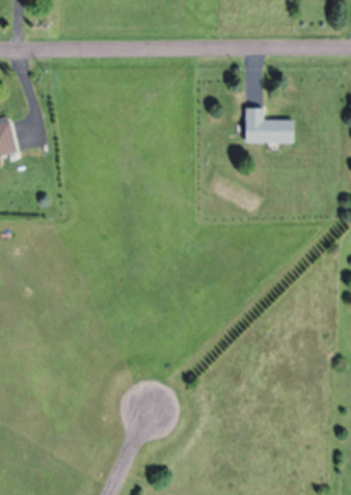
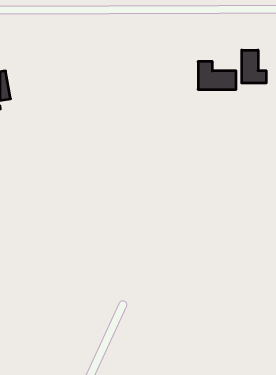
building: none -> [242,50,266,83]

